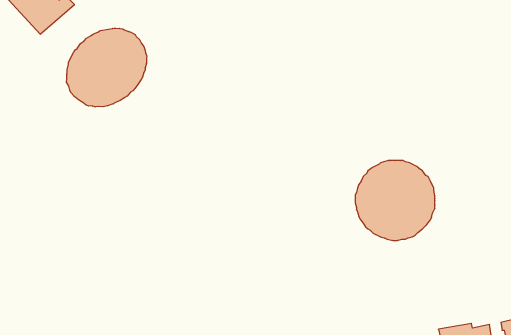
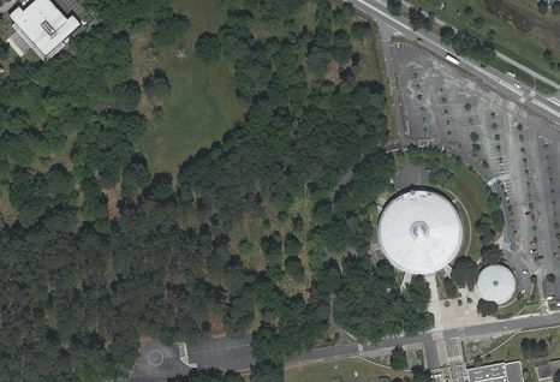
building: [67,28,147,107] -> none
building: none -> [472,264,516,309]

